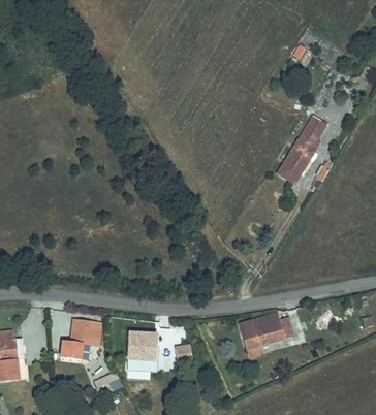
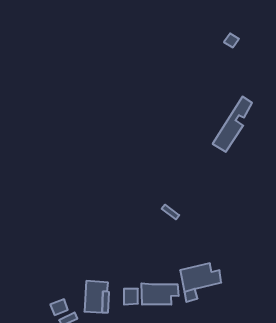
building: [59,319,100,365] -> none
building: none -> [141,283,179,305]

